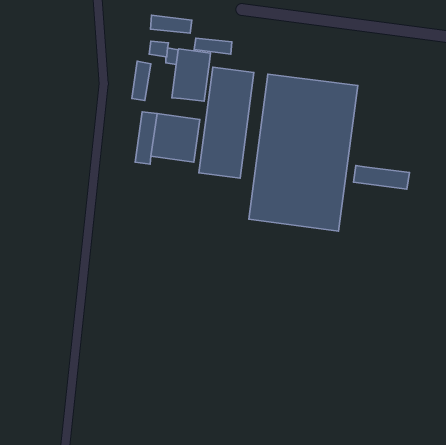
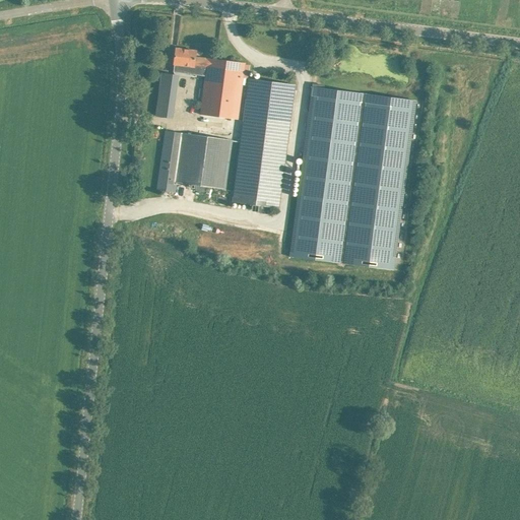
building: [150,15,192,33] -> none
building: [194,38,232,54] -> none
building: [353,166,409,189] -> none

